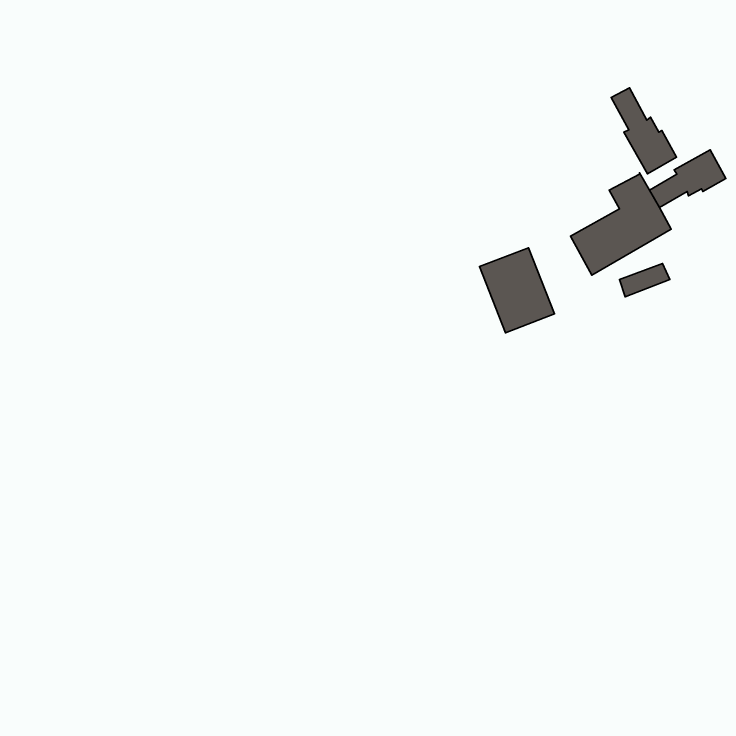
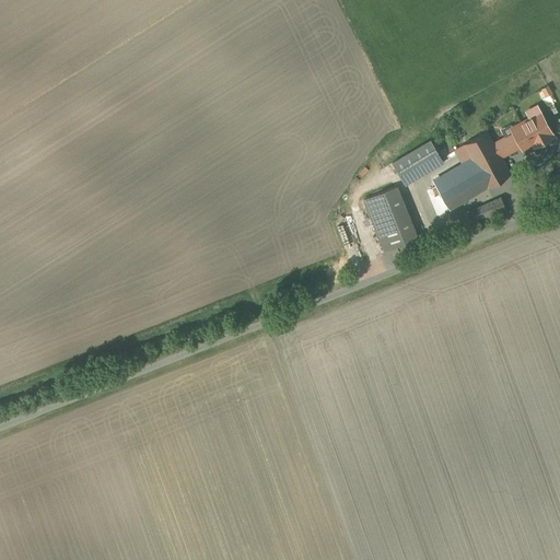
building: [611,88,677,174] -> none
building: none -> [392,141,443,185]

